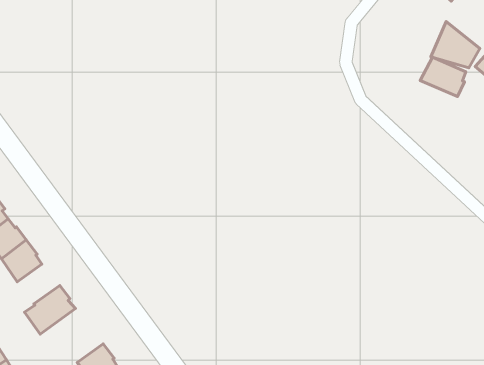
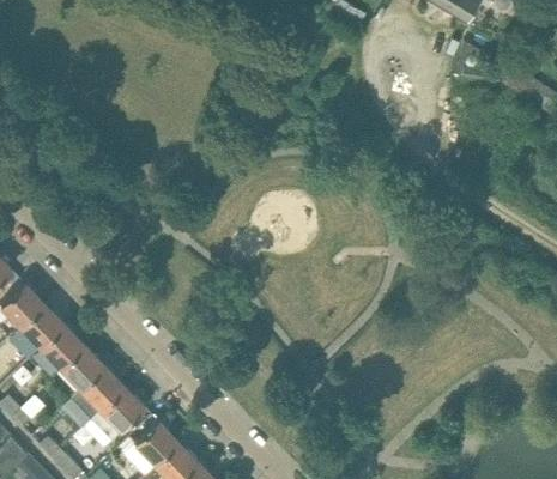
building: [420,57,466,97] -> none
building: none -> [59,346,103,388]
building: none -> [90,387,144,438]

